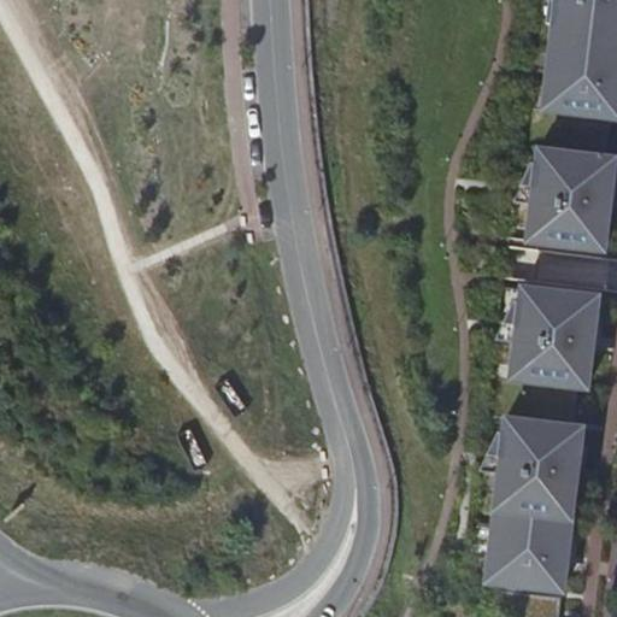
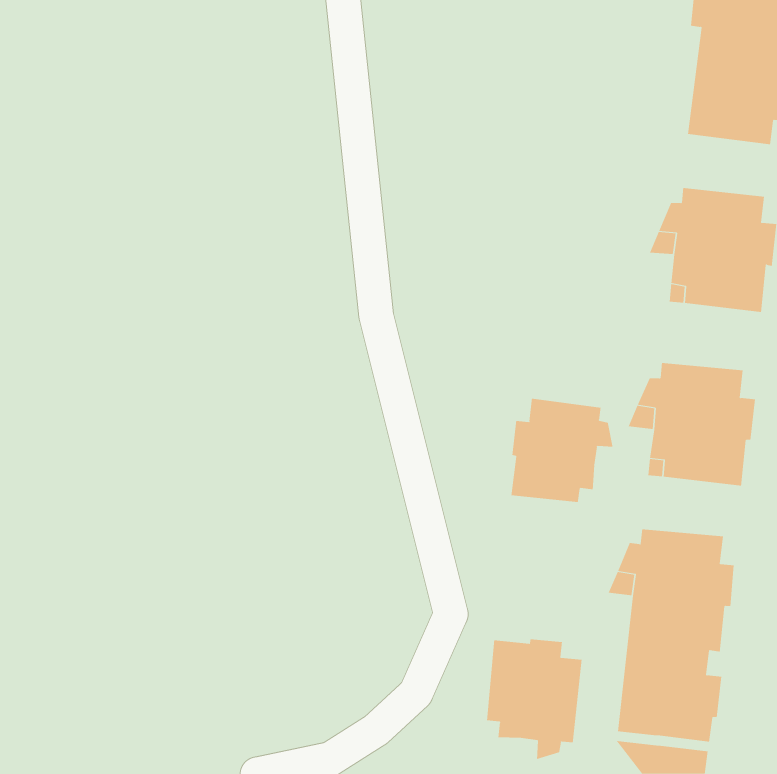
building: none -> [511,398,613,503]
building: none -> [487,639,582,760]

